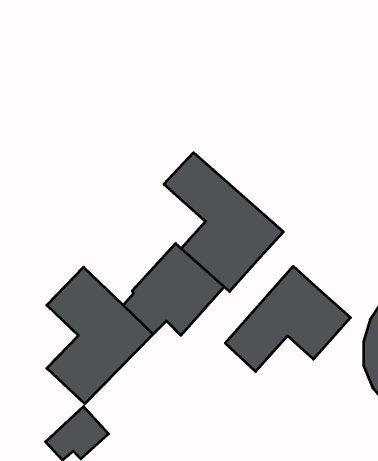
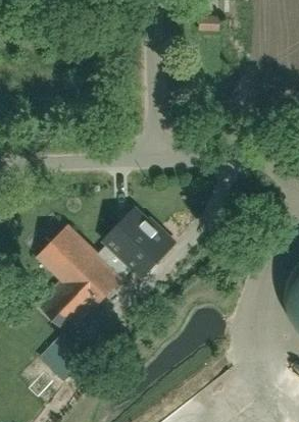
building: [164,153,283,292] -> none
building: [225,266,351,372] -> none

